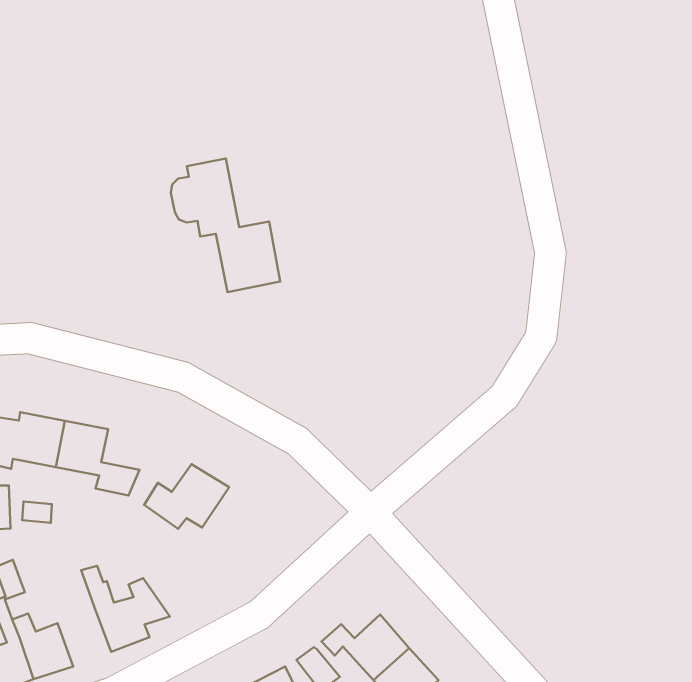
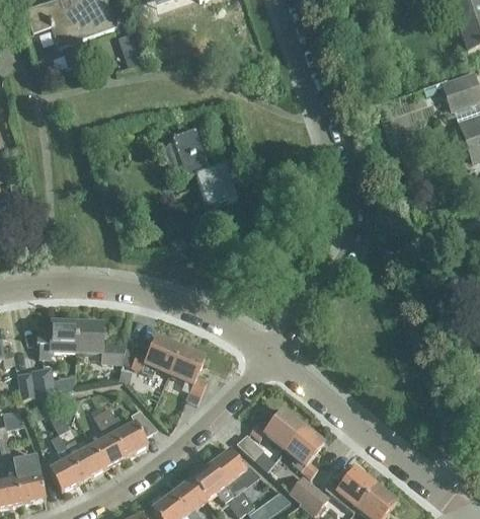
building: [171,158,280,292] -> [165,129,238,208]
building: none -> [169,347,207,402]
building: none -> [92,410,127,467]

